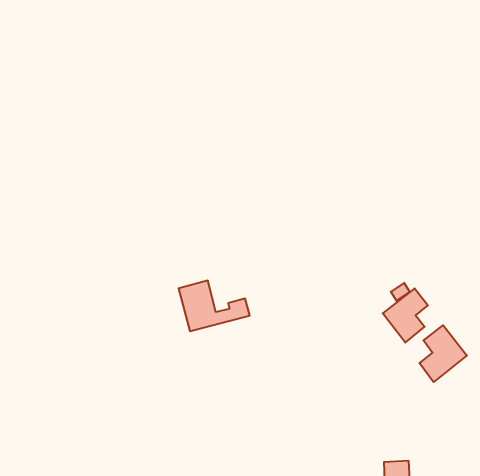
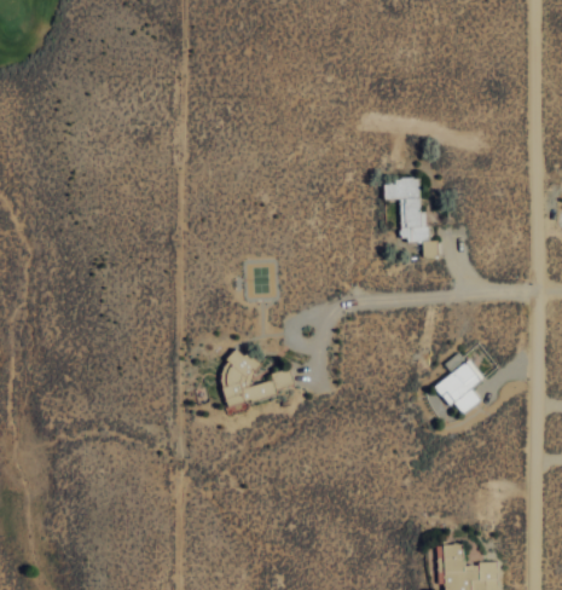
building: none -> [383,180,436,258]
building: [419,325,467,382] -> none

